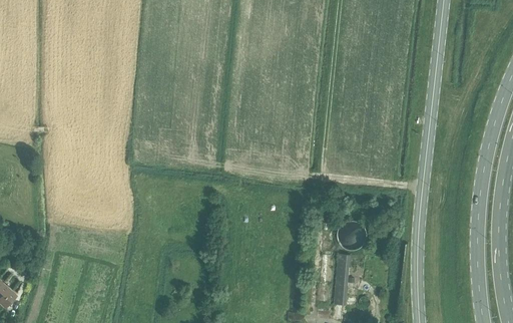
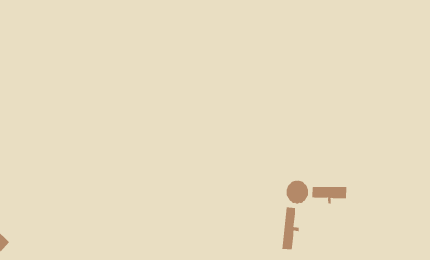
building: none -> [312,186,347,204]

